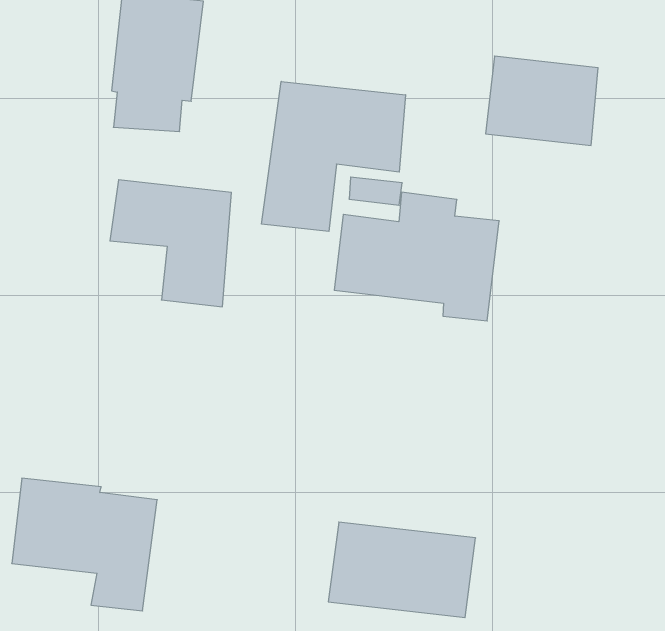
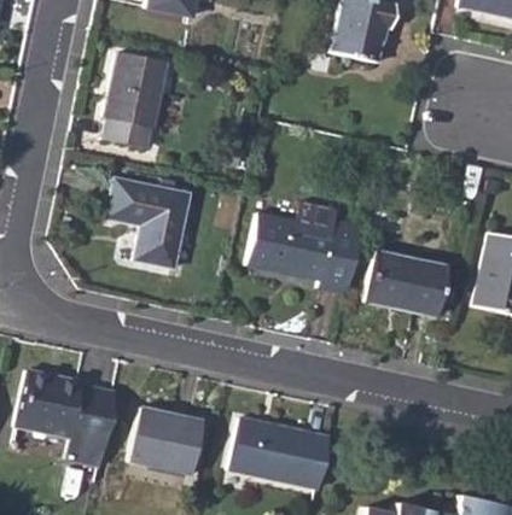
building: [486,56,598,145] -> [365,252,443,317]
building: [262,81,406,231] -> none
building: none -> [128,400,204,468]

